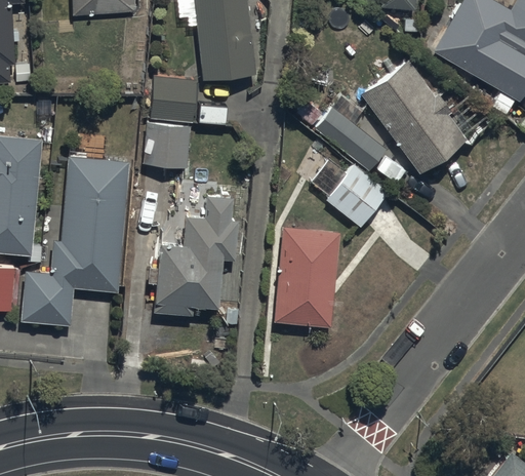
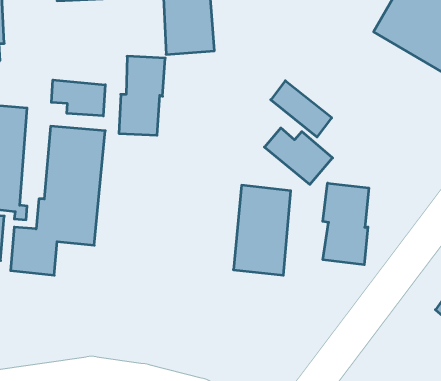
building: [359,56,466,170] -> none
building: none -> [51,80,105,116]
building: [154,193,238,317] -> none
building: none -> [323,183,369,265]

